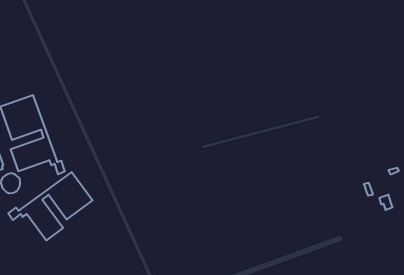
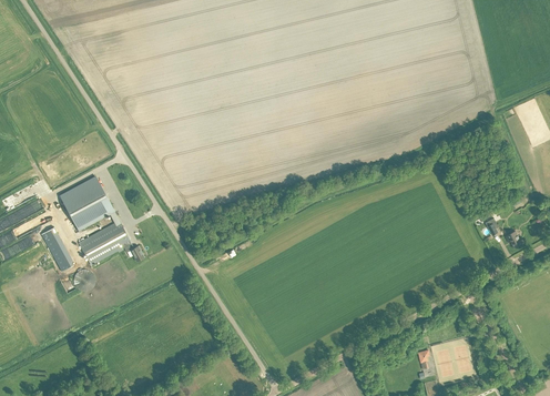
building: [8,172,93,240] -> none

